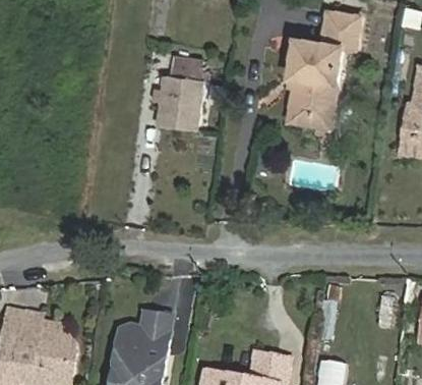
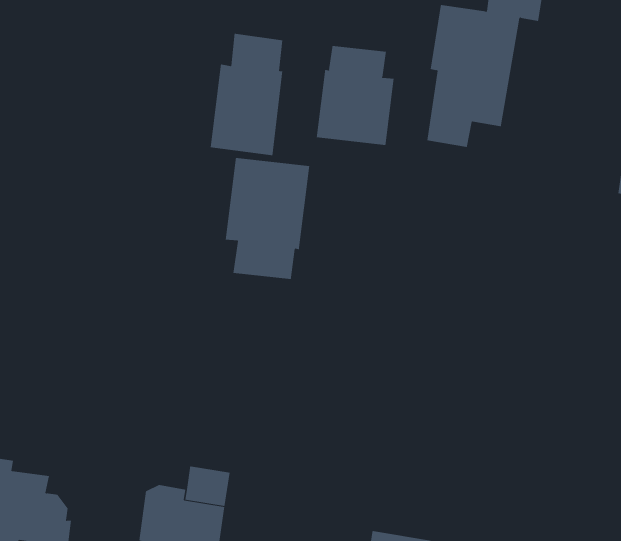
building: none -> [316,45,394,146]
building: none -> [225,157,310,280]

